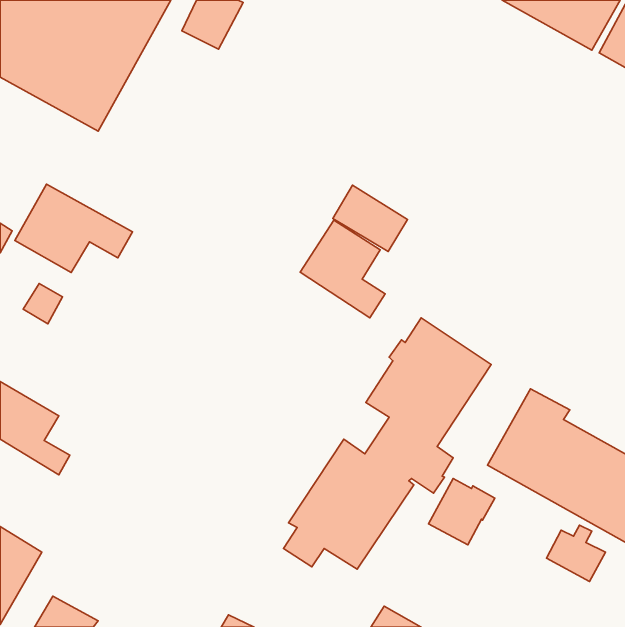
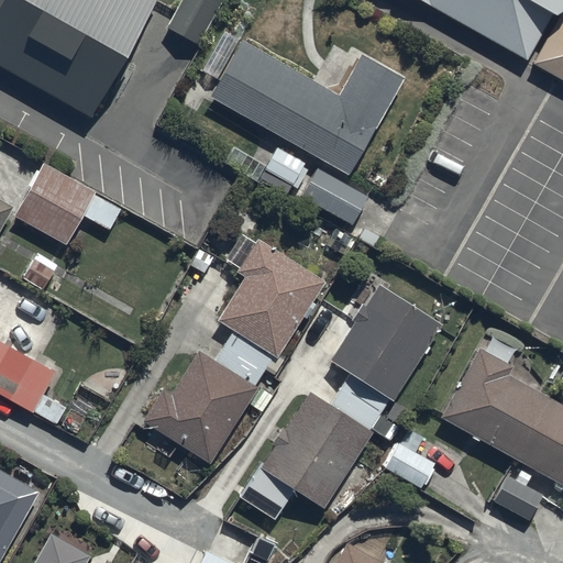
building: none -> [205,36,404,178]
building: [300,220,385,318] -> none
building: none -> [143,238,324,464]

